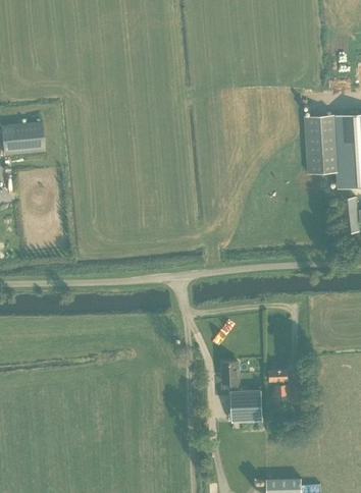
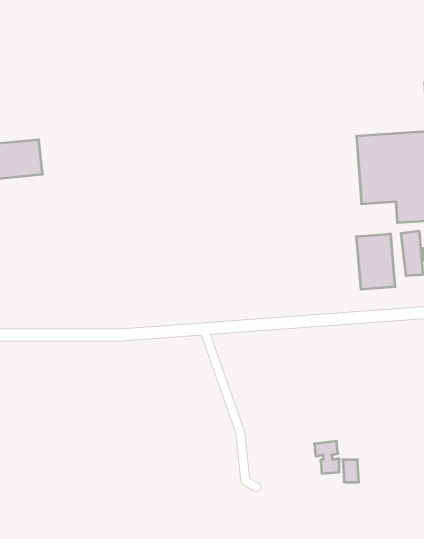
building: none -> [357,234,395,289]
building: [221,361,261,422] -> none

